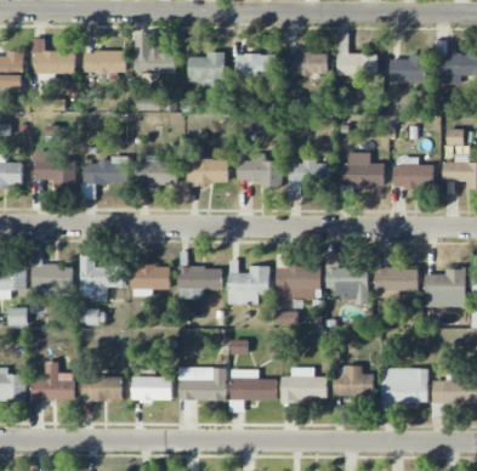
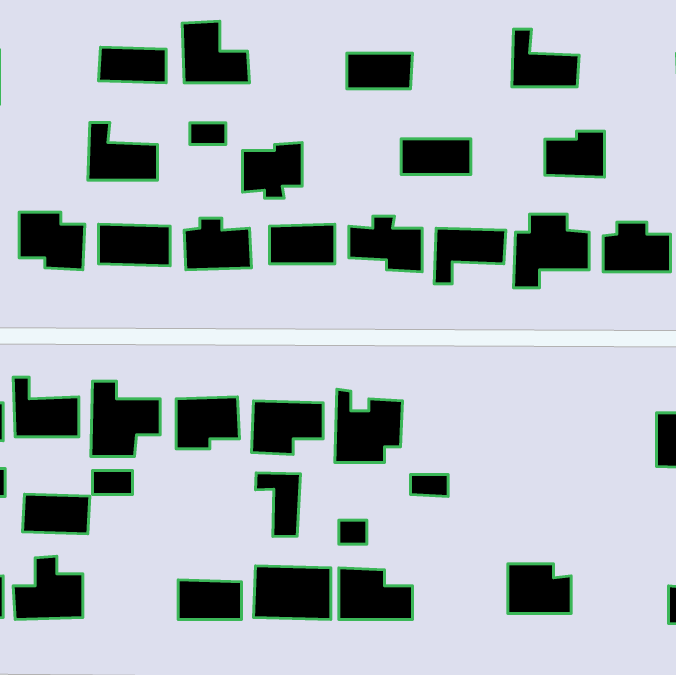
building: [32,39,74,74] -> [88,123,157,180]
building: [188,52,225,86] -> [243,142,302,198]
building: [285,53,328,75] -> [401,139,471,175]
building: [390,55,426,83] -> [545,131,604,177]
building: [276,267,320,306] -> none
building: [374,268,418,291] -> none
building: [325,269,368,305] -> none
building: none -> [255,473,301,536]
building: [280,368,326,401] -> none
building: [381,368,428,415] -> none
building: [81,376,123,401] -> [22,494,90,534]

